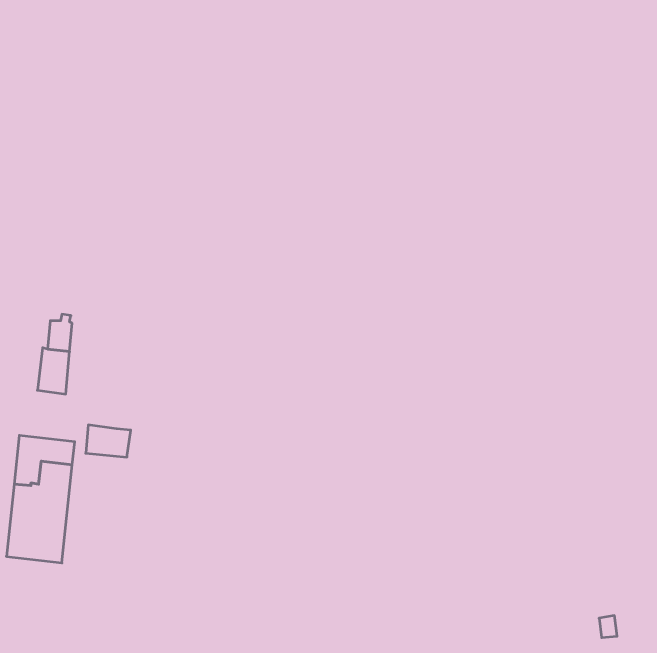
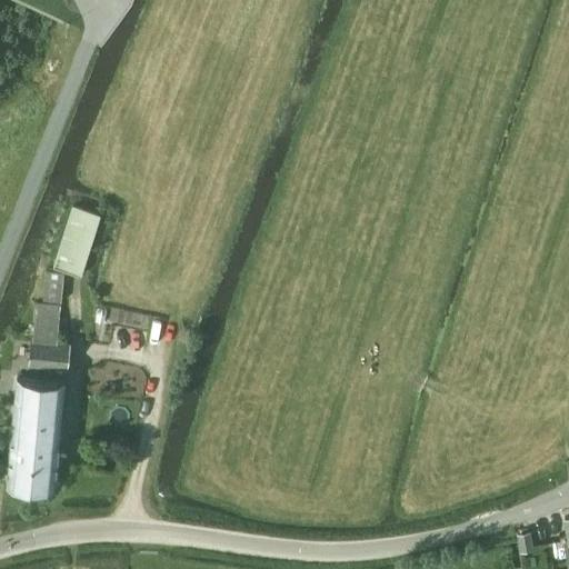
building: none -> [54,209,100,277]
building: [86,425,131,457] -> [31,341,70,369]

